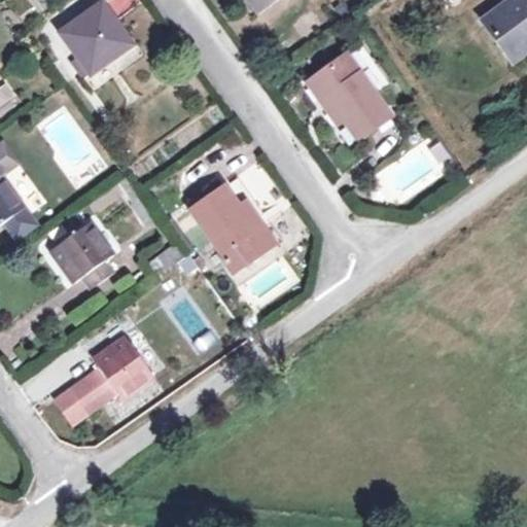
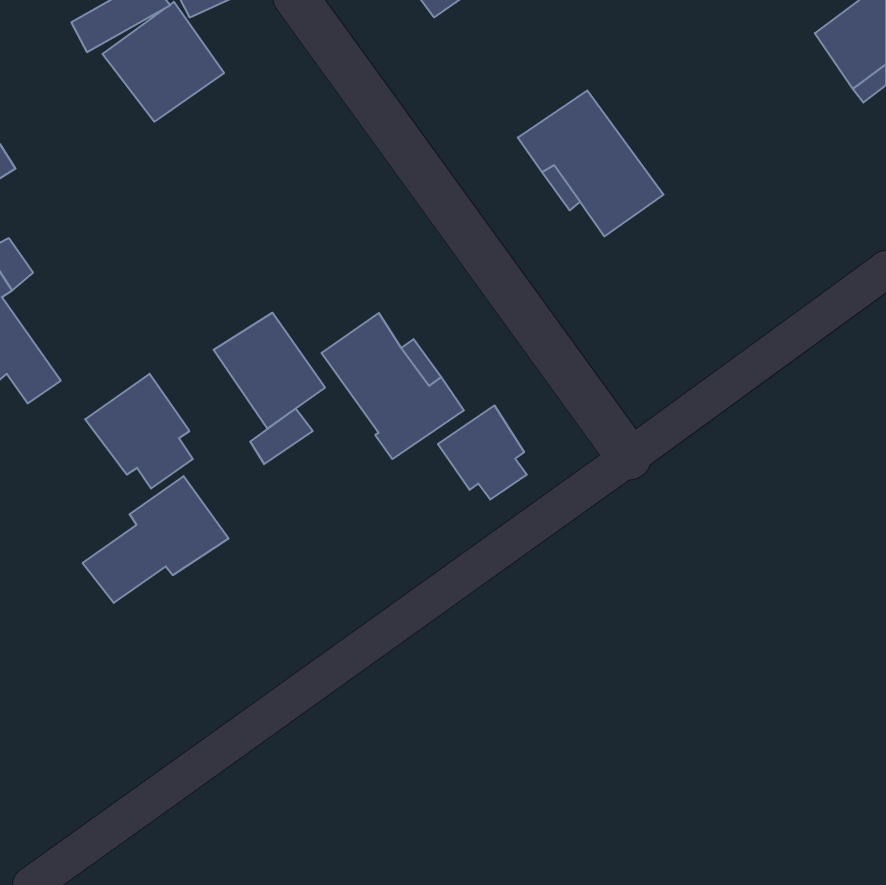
building: none -> [214,313,325,429]
building: none -> [438,405,527,500]
building: [67,338,153,413] -> [83,476,229,603]

